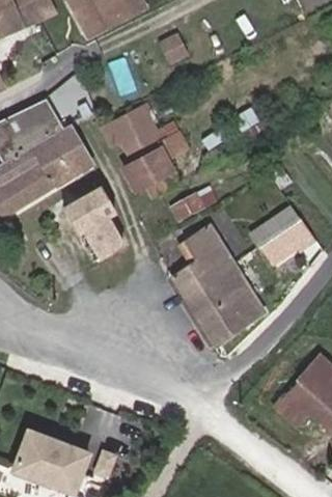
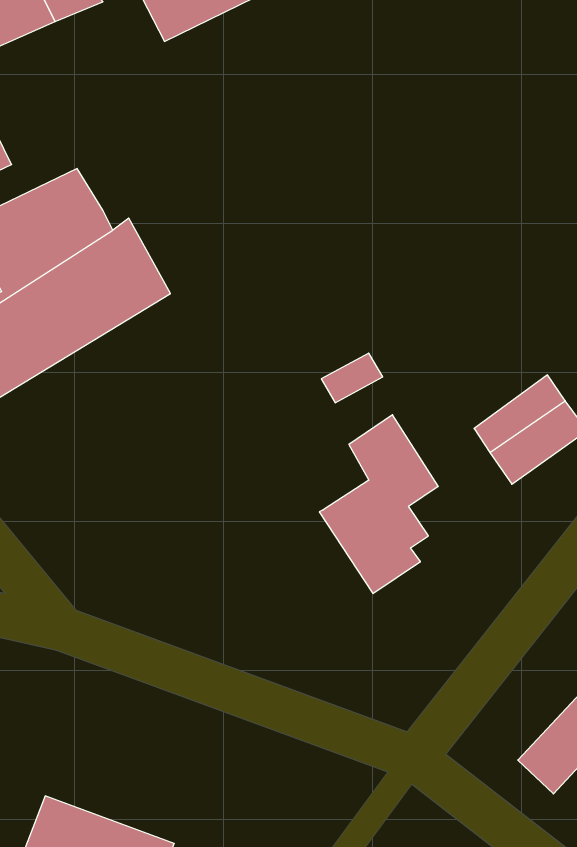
building: [102,107,186,196] -> none
building: [63,189,122,257] -> none
building: [198,264,262,347] -> none

